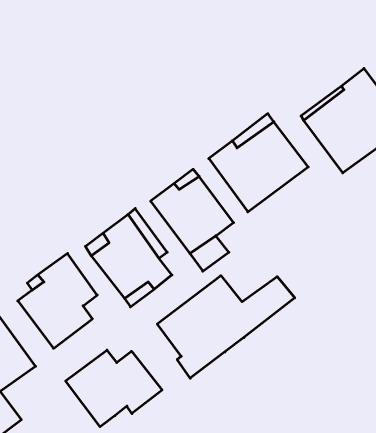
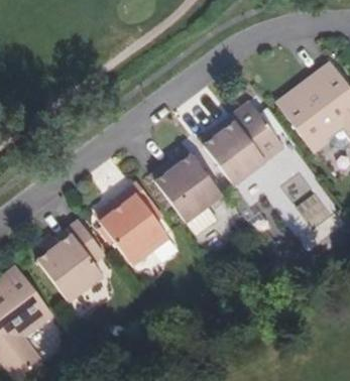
building: [157,276,295,378] -> none
building: [66,350,162,427] -> none

